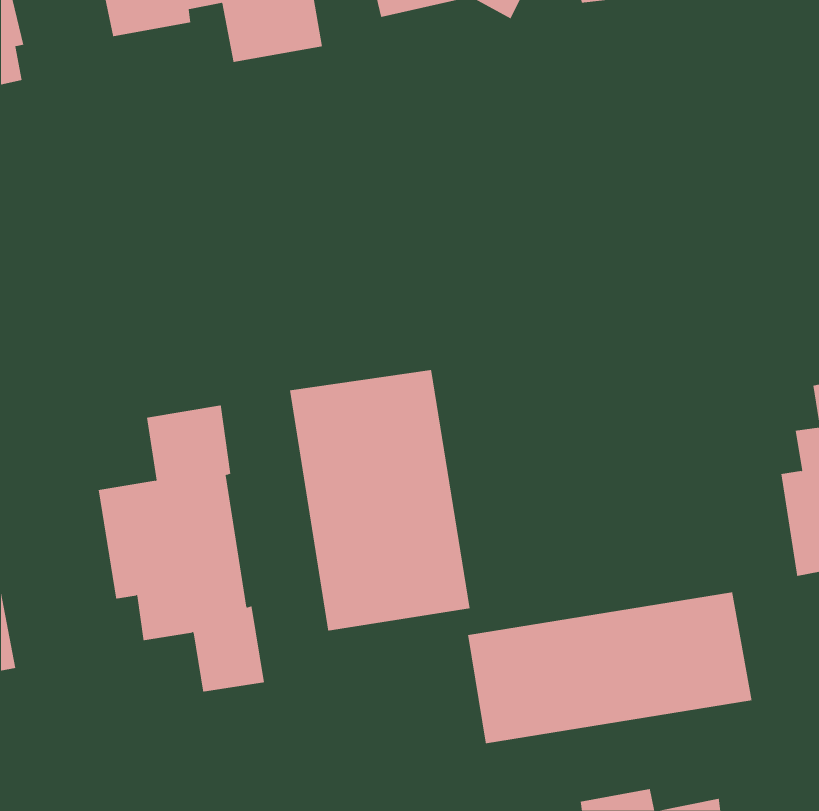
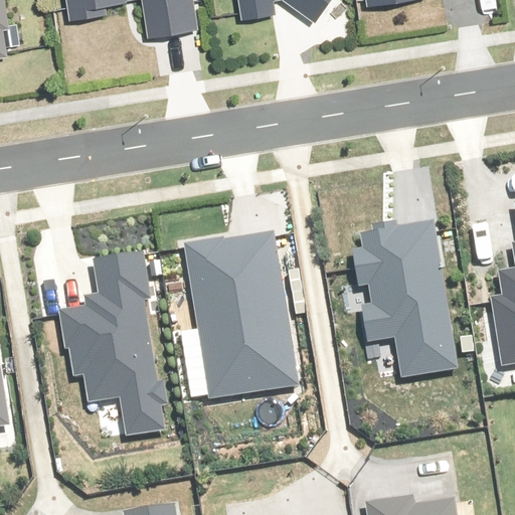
building: none -> [352,218,462,376]
building: [467,592,752,744] -> none

